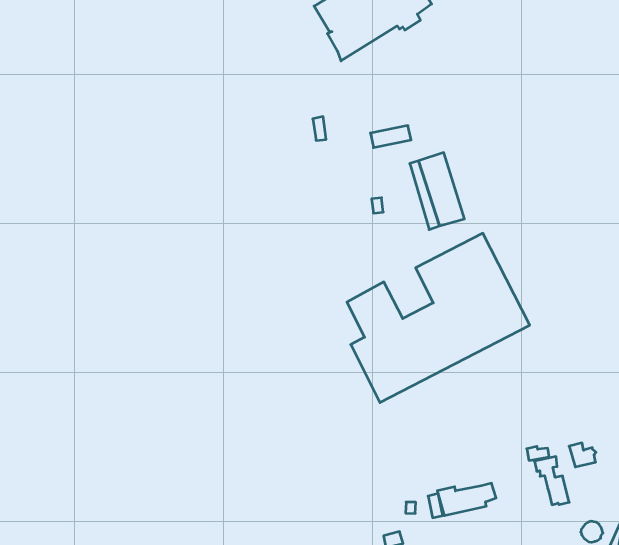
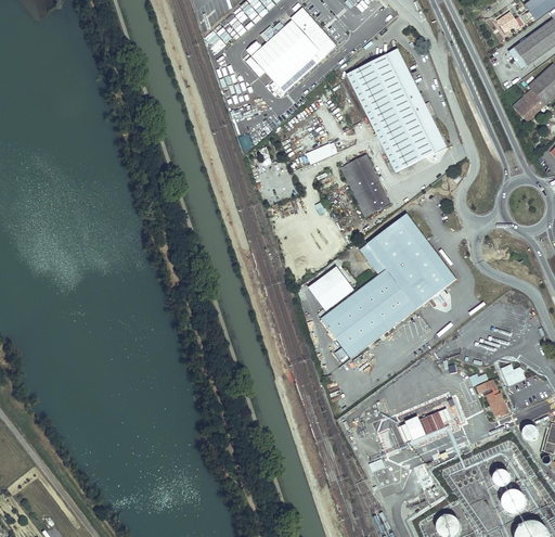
building: none -> [344,43,447,174]

